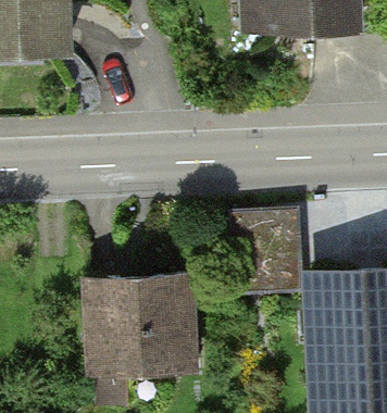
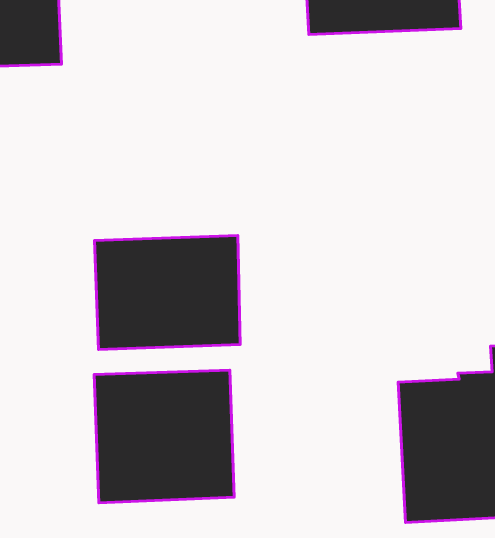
building: none -> [94,235,240,350]

